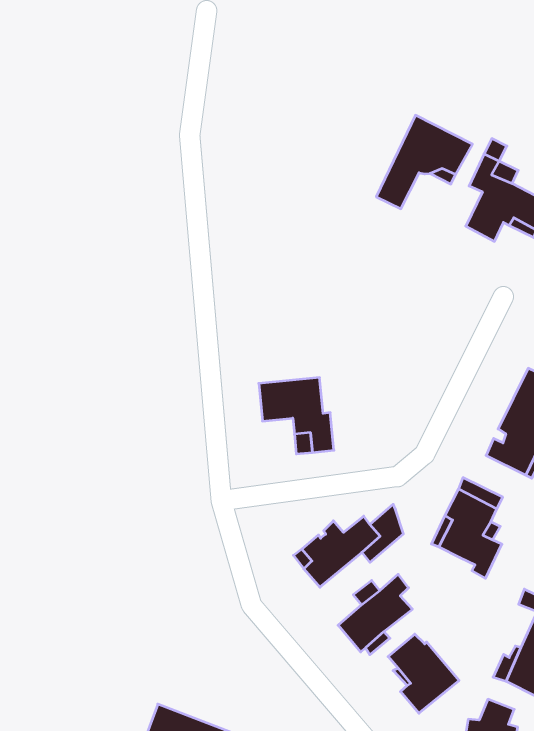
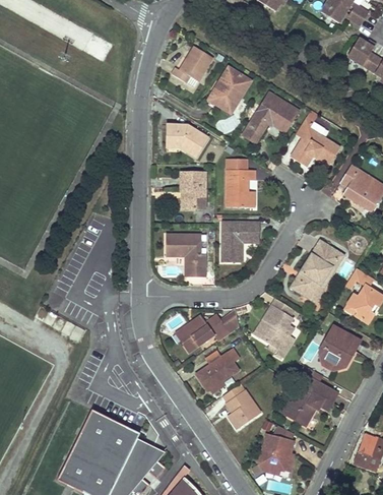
building: none -> [173,47,212,87]
building: none -> [208,67,251,114]
building: none -> [168,124,208,156]
building: none -> [226,168,255,206]
building: none -> [180,172,204,208]
building: none -> [221,220,259,260]

